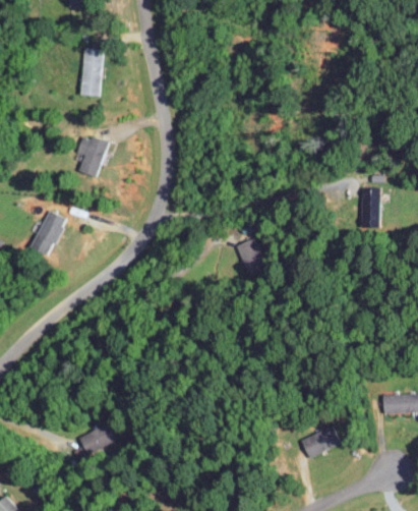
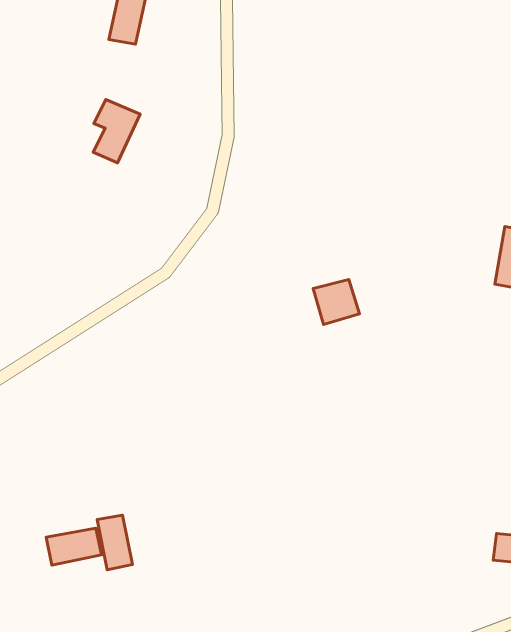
building: [32,211,66,257] -> none
building: none -> [97,515,132,570]
building: [299,427,338,458] -> none

